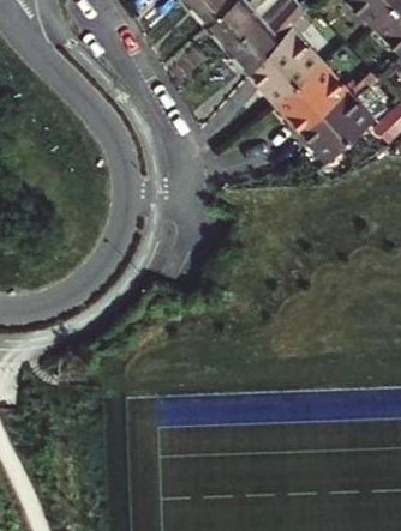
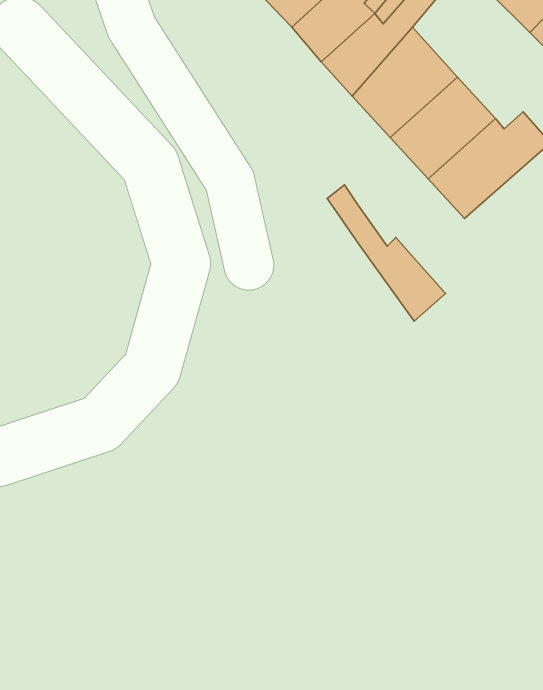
building: none -> [327,185,446,321]

